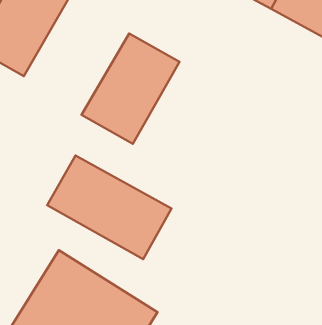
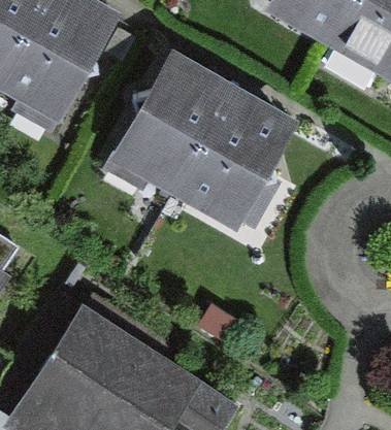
building: none -> [172,98,282,223]
building: [47,156,172,259] -> none

